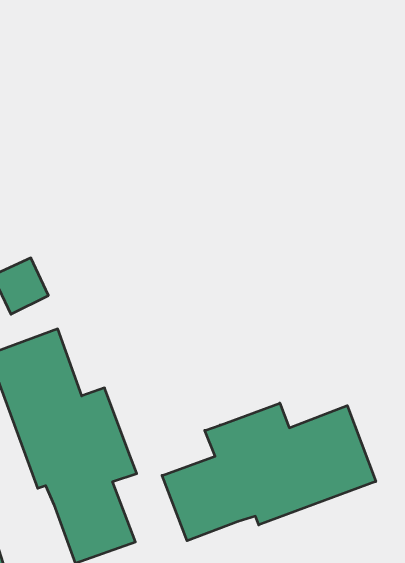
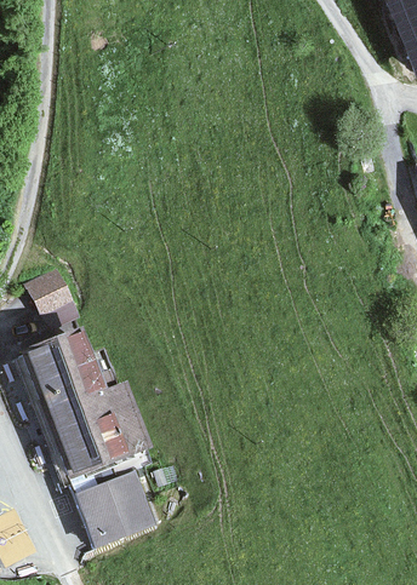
building: [162,403,376,541] -> none

